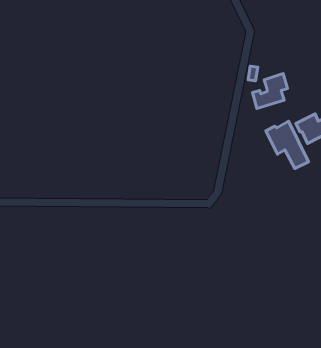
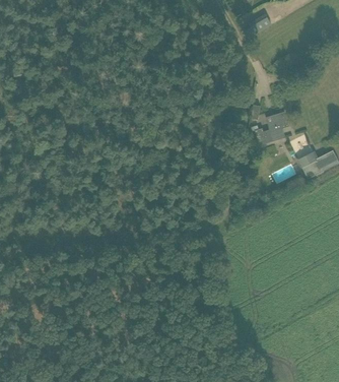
building: [266,121,308,169] -> none

